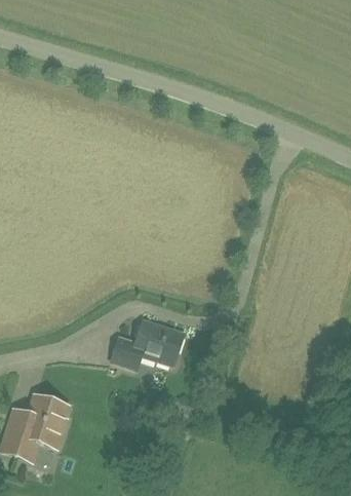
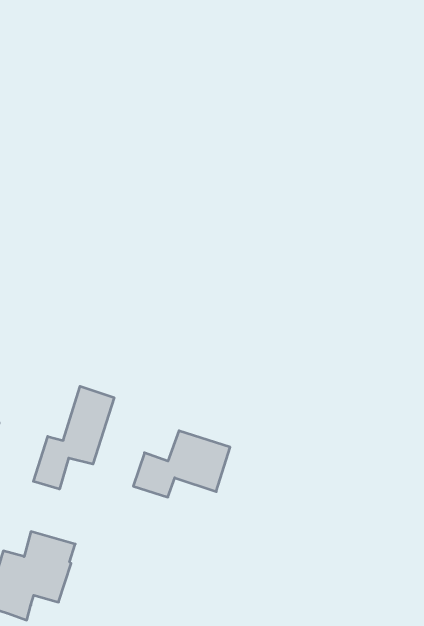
building: none -> [33,386,114,489]

